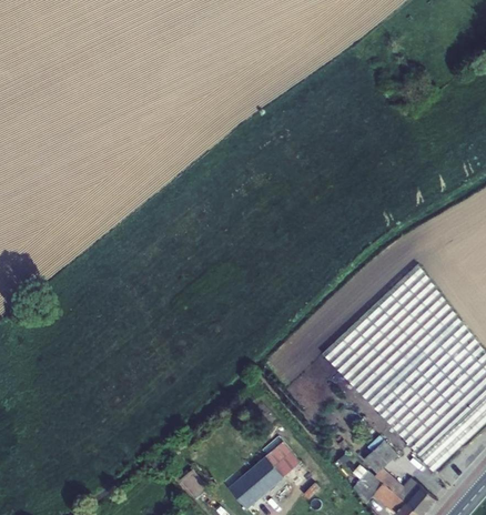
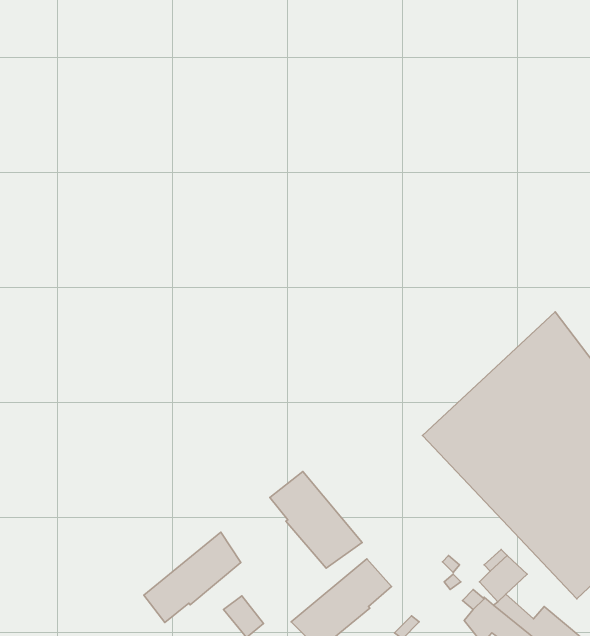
building: none -> [270,471,362,568]
building: none -> [144,532,241,622]

